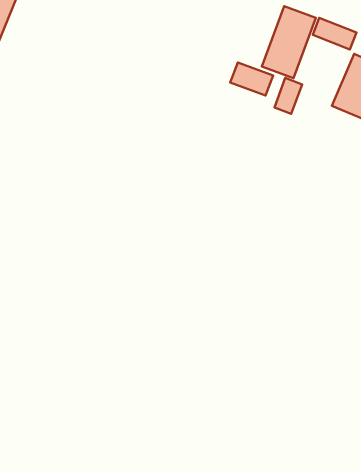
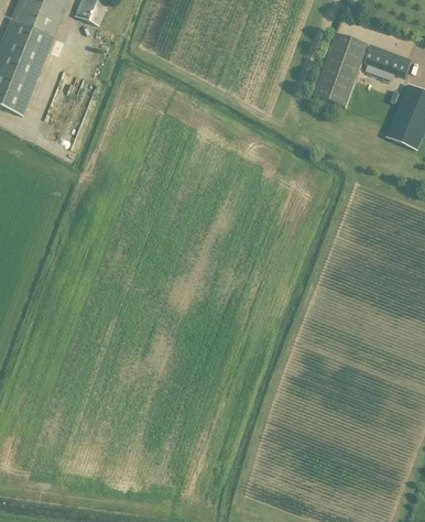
building: [230,63,273,96] -> none
building: [274,78,302,114] -> none

